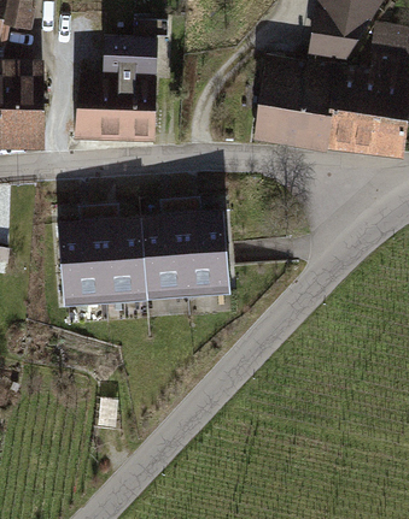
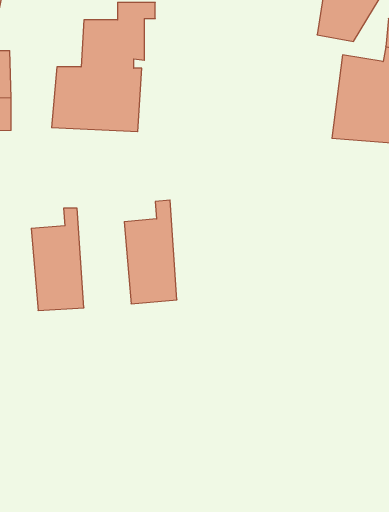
building: [257,67,335,147] -> none
building: [181,202,229,291] -> none
building: [98,208,146,299] -> none

